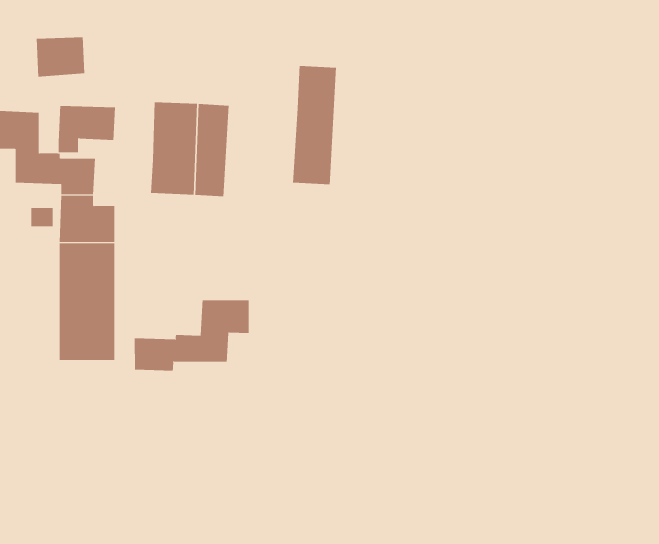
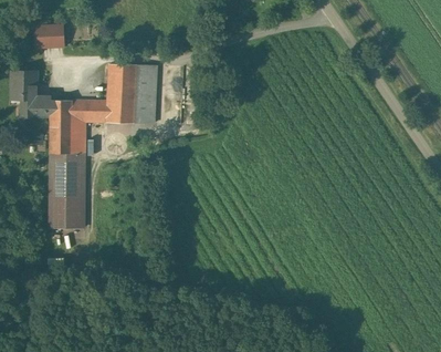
building: [293,65,337,185] -> none
building: [58,105,116,153] -> [71,100,107,130]
building: [134,300,249,371] -> none

